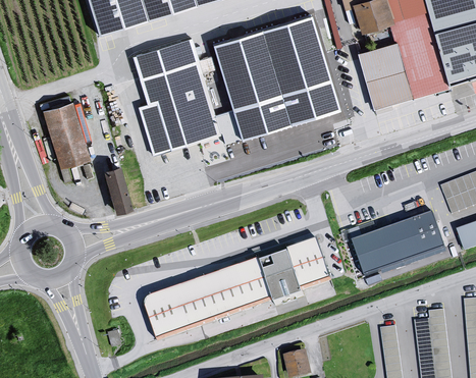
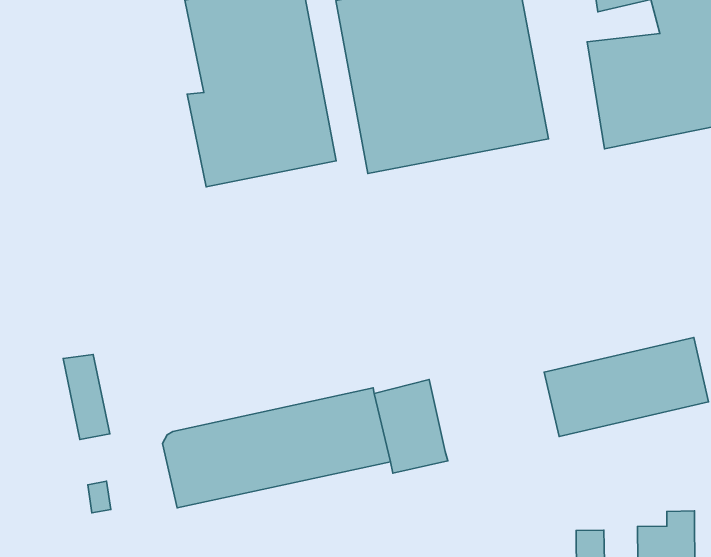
building: [42,104,90,169] -> none
building: [101,166,131,214] -> [63,354,110,440]
building: [288,237,331,288] -> none

